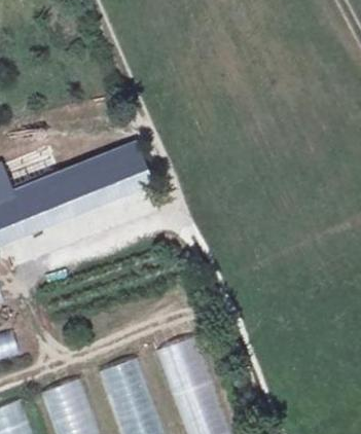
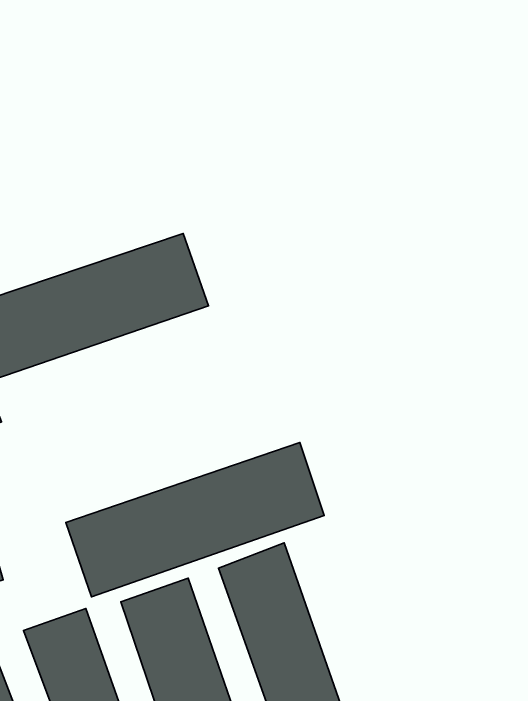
building: none -> [66,443,324,597]

